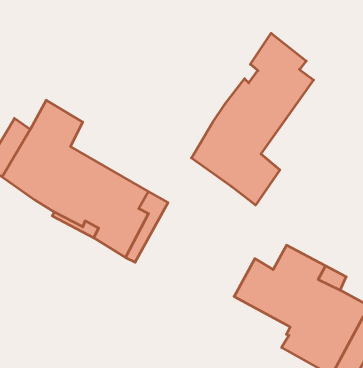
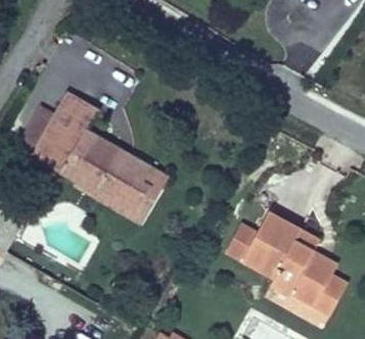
building: [191,33,314,205] -> none

